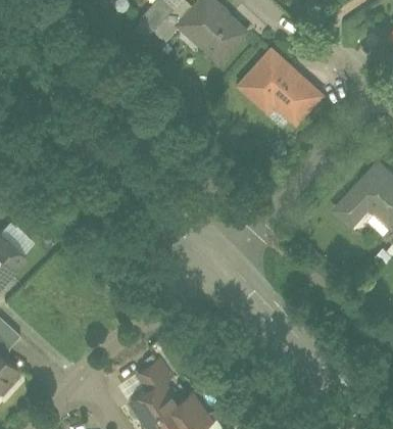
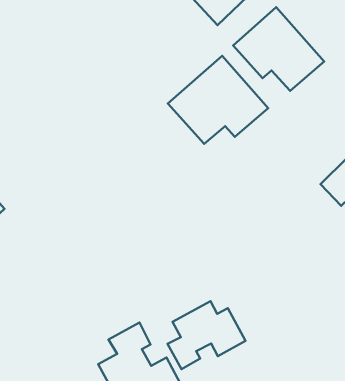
building: none -> [168,56,268,144]
building: none -> [168,301,246,369]

